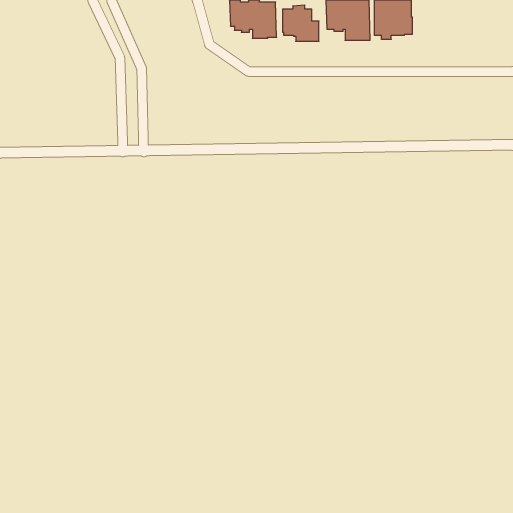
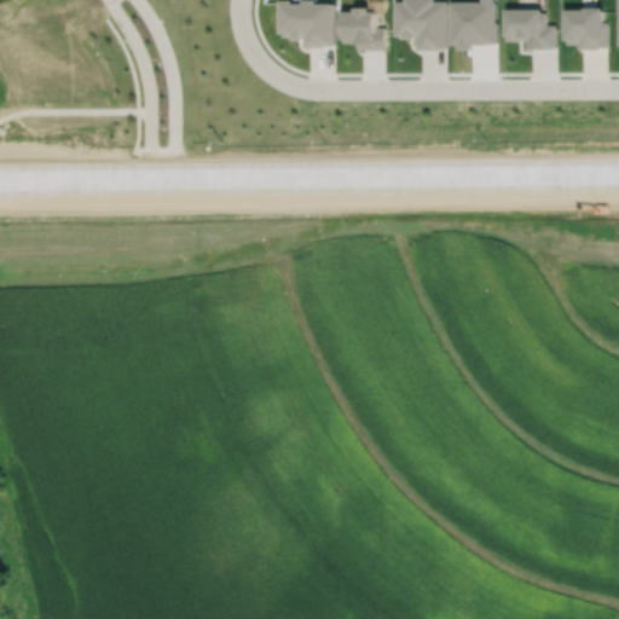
building: none -> [565,8,607,50]
building: none -> [504,10,555,50]

